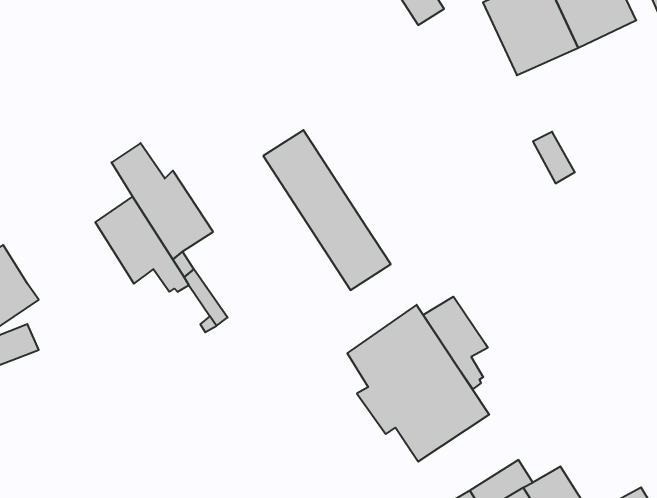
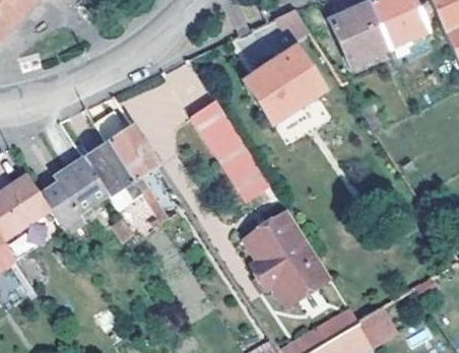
building: none -> [243,49,322,124]
building: none -> [43,157,108,230]
building: [423,297,488,389] -> none

